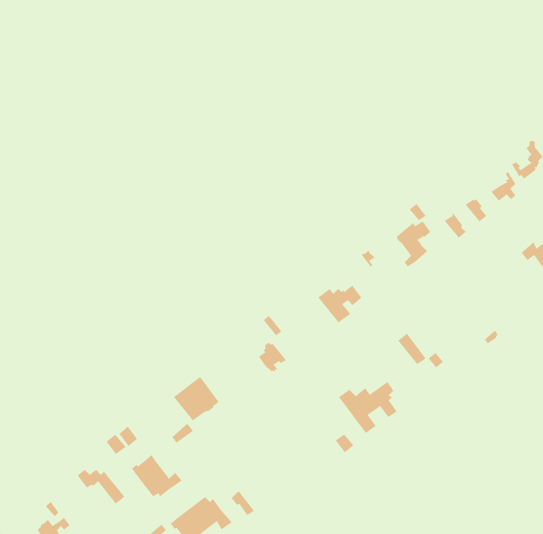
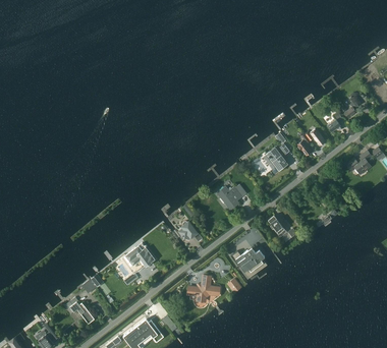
building: none -> [188,276,219,301]
building: [131,454,182,497] -> none

